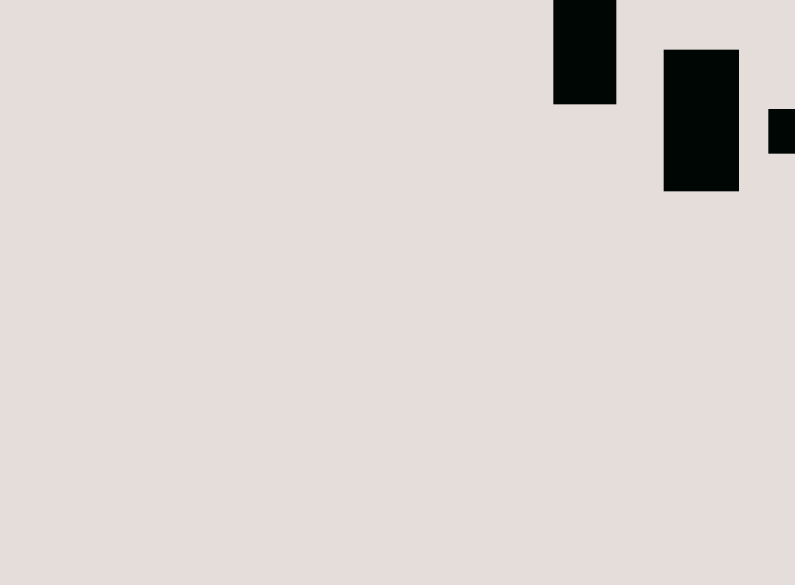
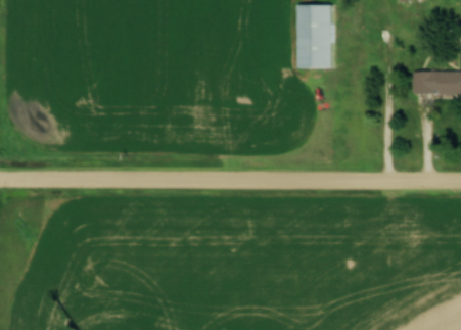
building: [663,49,739,192] -> none

